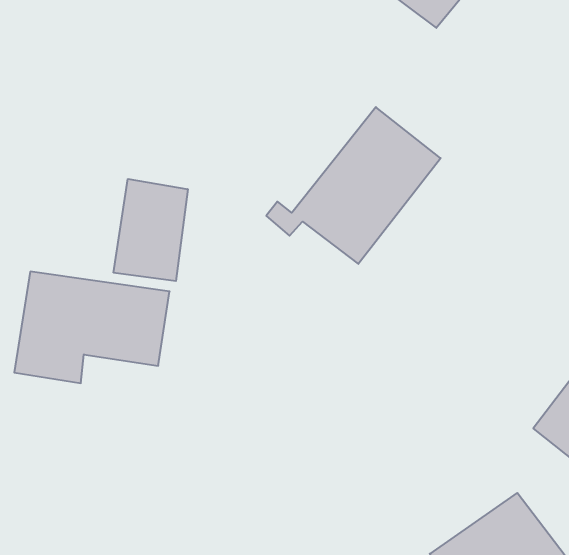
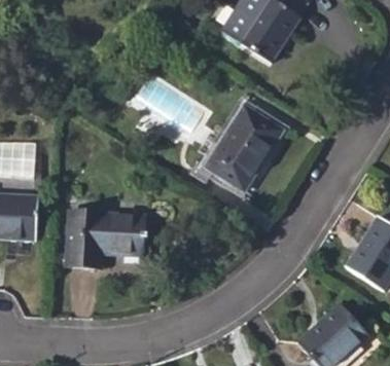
building: [114,179,188,281] -> none

